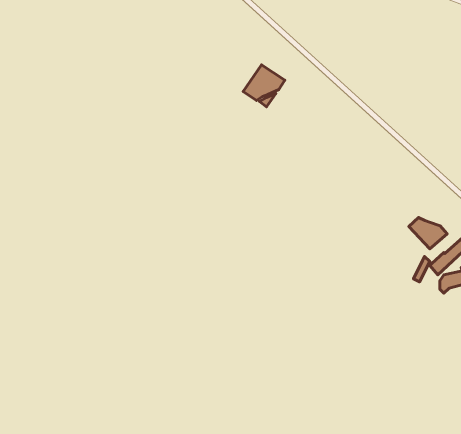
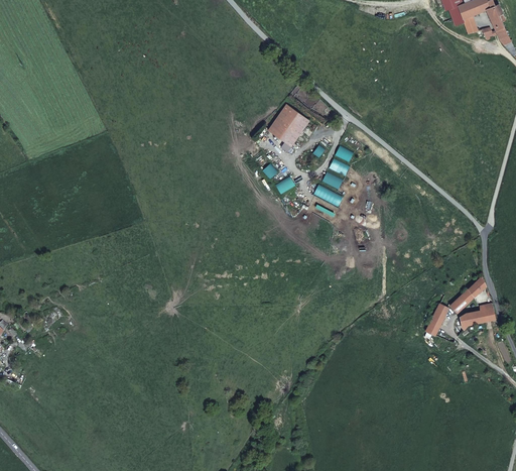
building: [409,217,447,249] -> none

